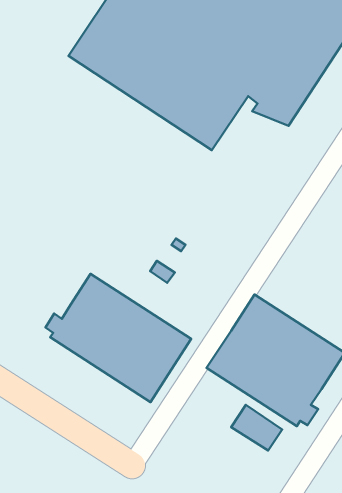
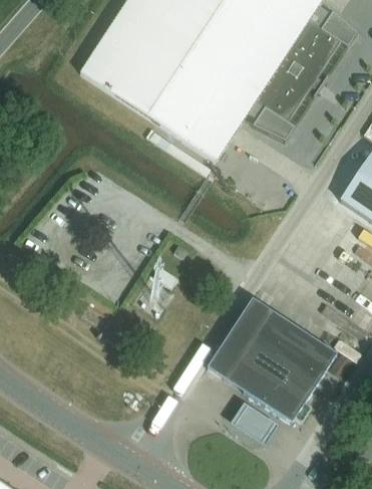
building: [45,274,191,402] -> none

